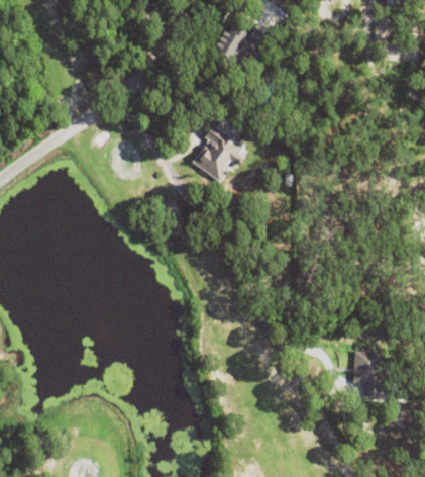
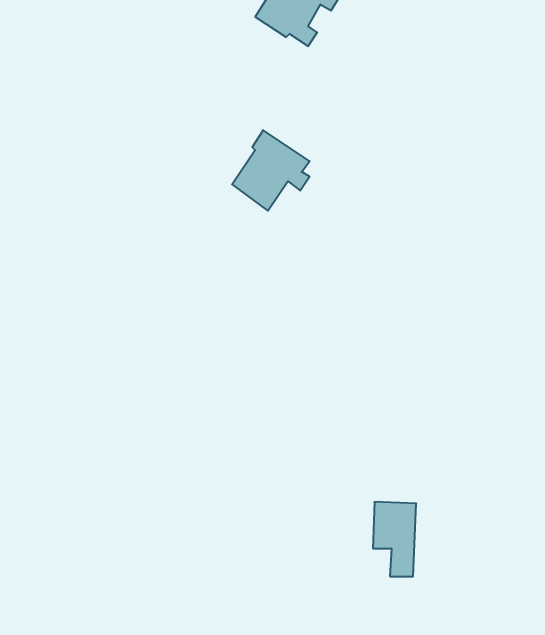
building: [352,347,381,395] -> [373,502,416,576]

